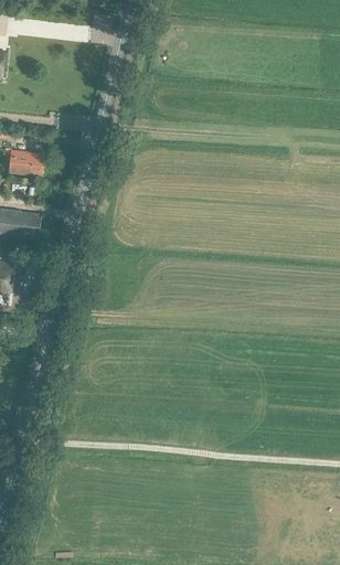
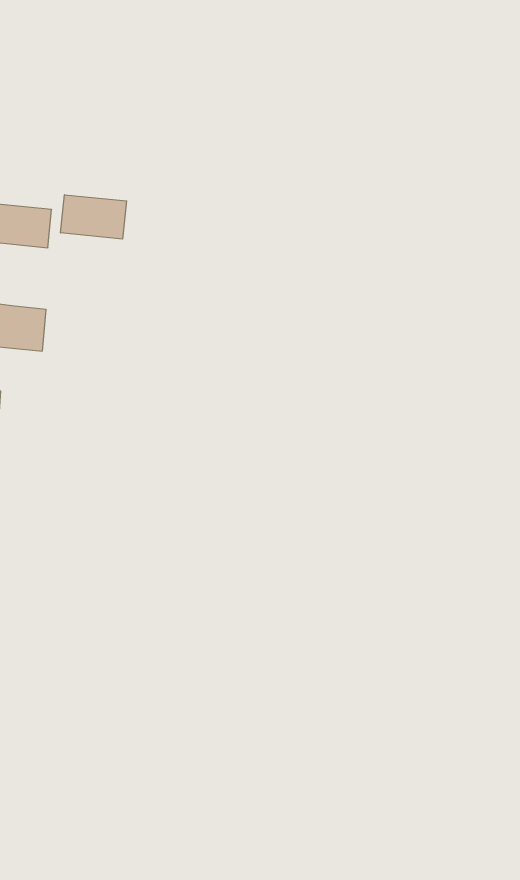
building: none -> [61,195,127,239]

